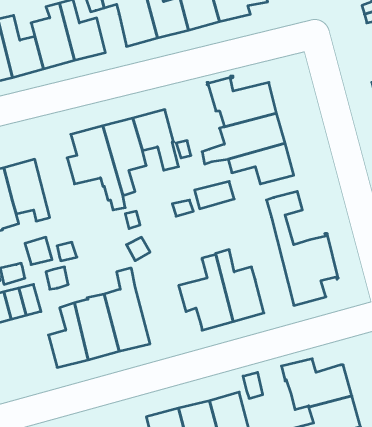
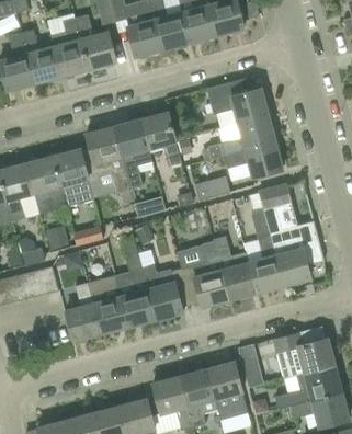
building: none -> [53,149,93,207]
building: none -> [247,207,282,292]
building: none -> [141,265,186,319]

